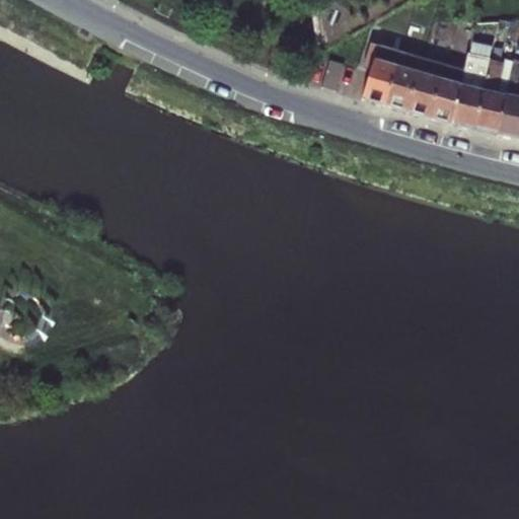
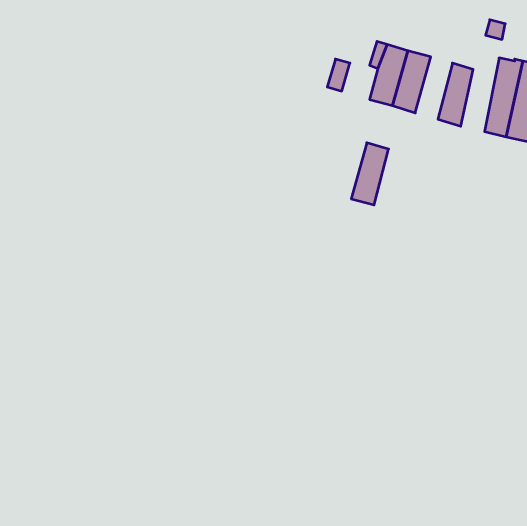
building: [453,53,491,129] -> none
building: [409,56,445,117] -> [351,143,389,205]

